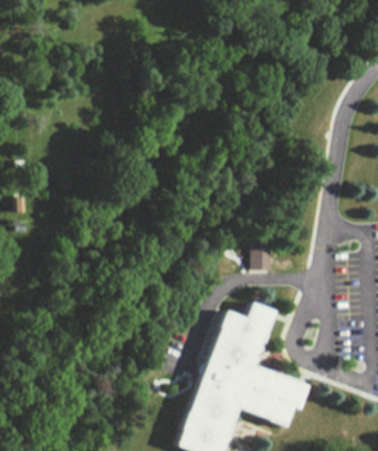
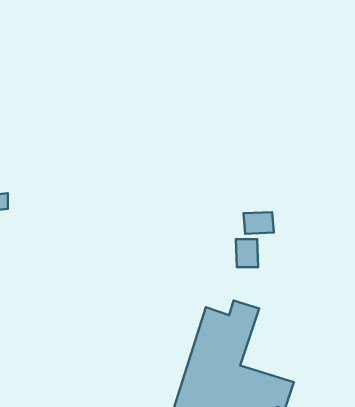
building: none -> [244,212,274,234]

